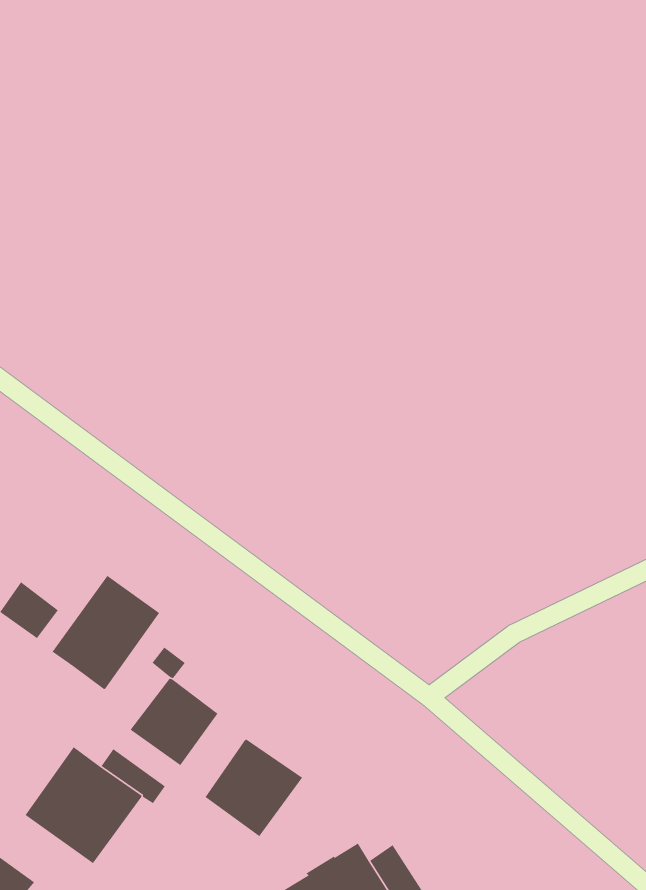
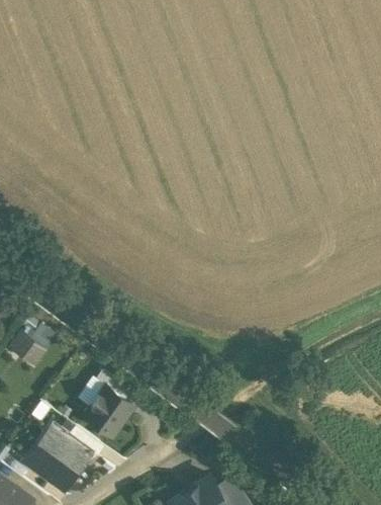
building: [51,575,160,690] -> none
building: [205,739,303,837] -> none

